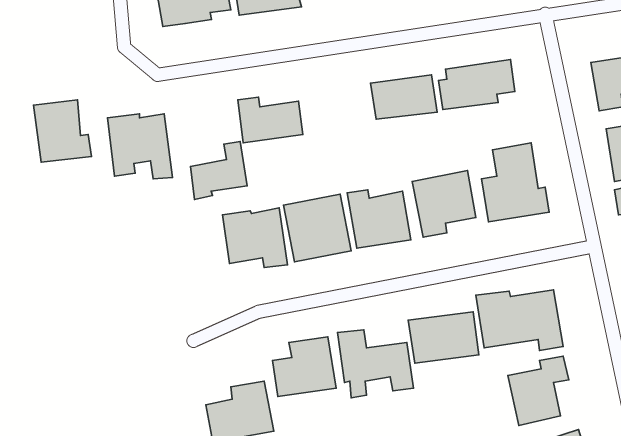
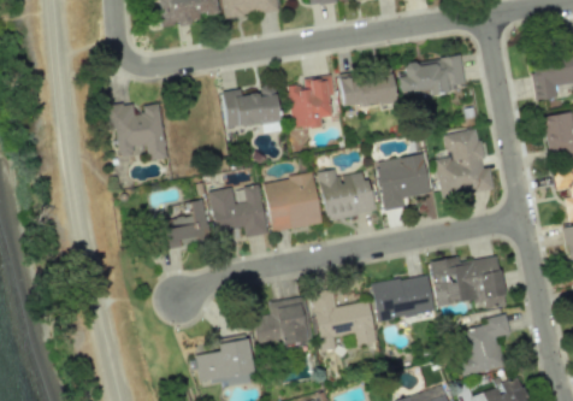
building: none -> [289,75,335,129]
building: [34,100,91,162] -> none
building: [190,141,247,200] -> [161,199,211,249]

